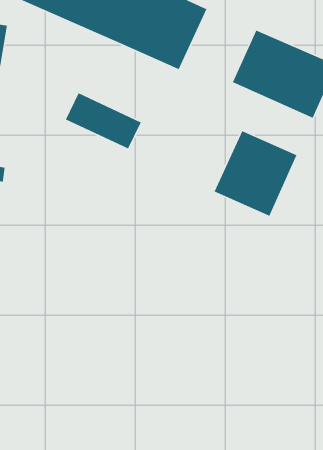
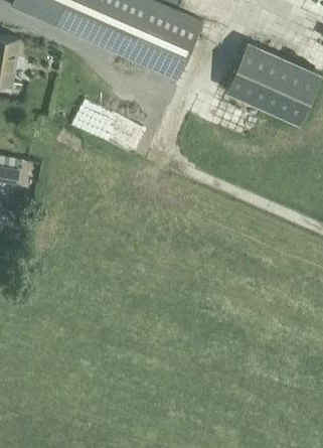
building: [213,130,298,217] -> none

